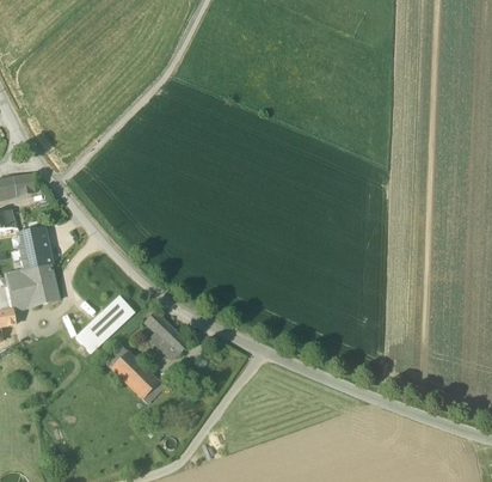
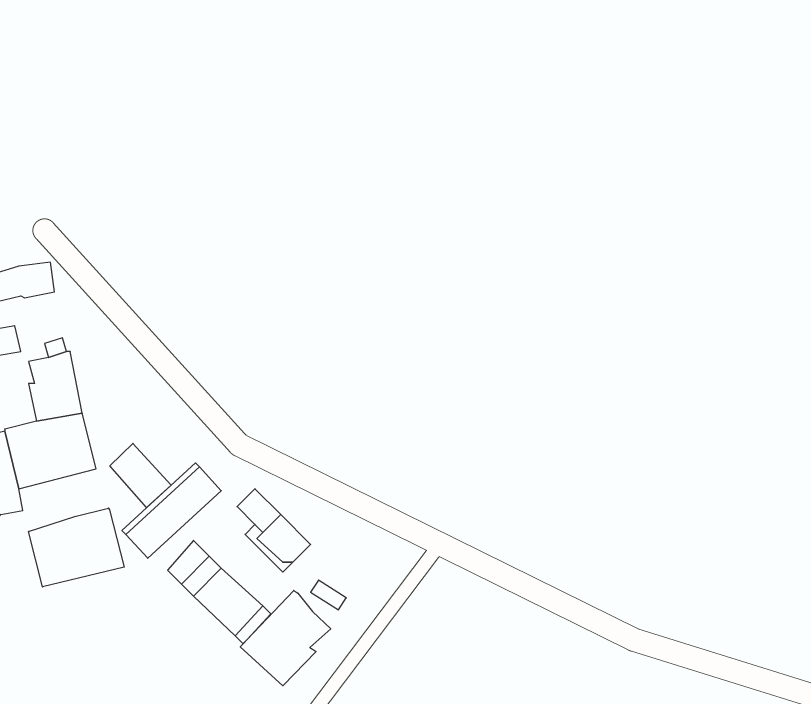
building: none -> [110,443,171,507]
building: none -> [29,508,124,587]
building: none -> [240,590,331,686]

